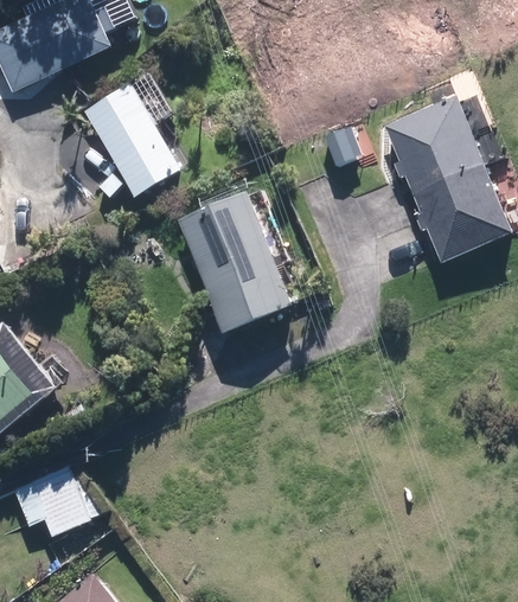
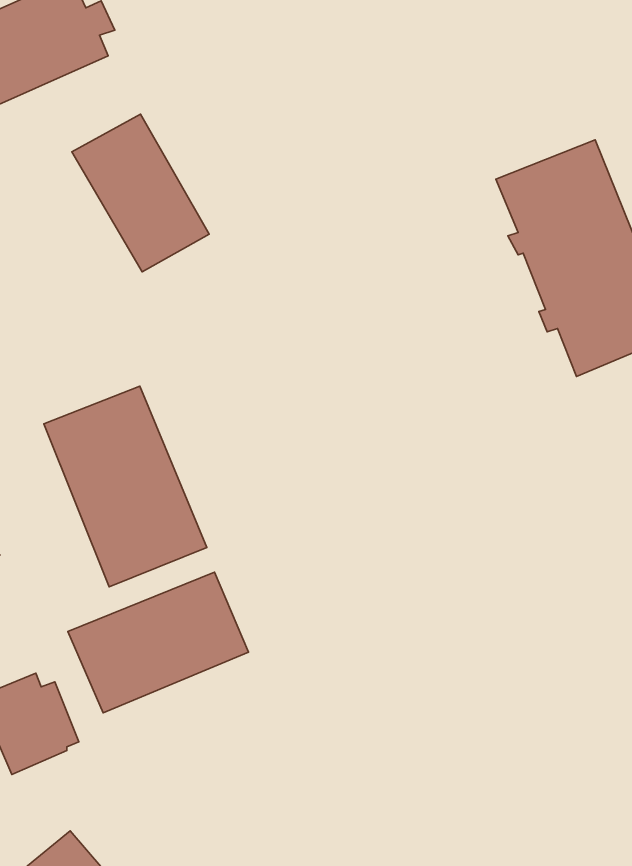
building: [178,196,290,334] -> [44,386,207,587]
building: none -> [68,572,249,713]

